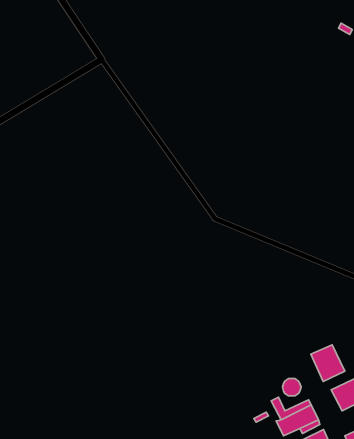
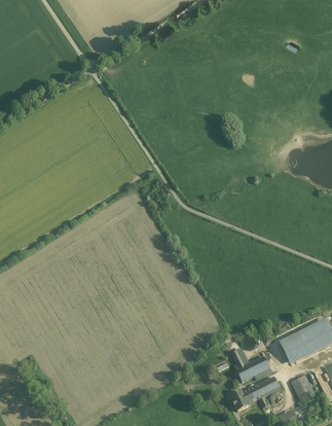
building: [311,345,345,382] -> none

